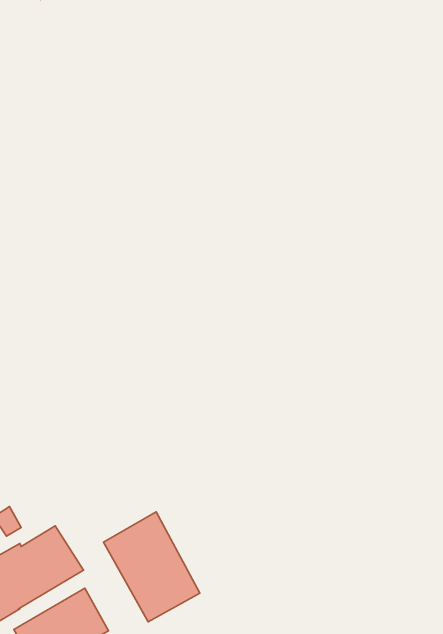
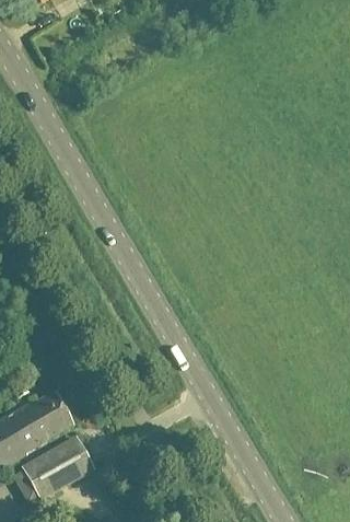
building: [103,512,200,622] -> none

